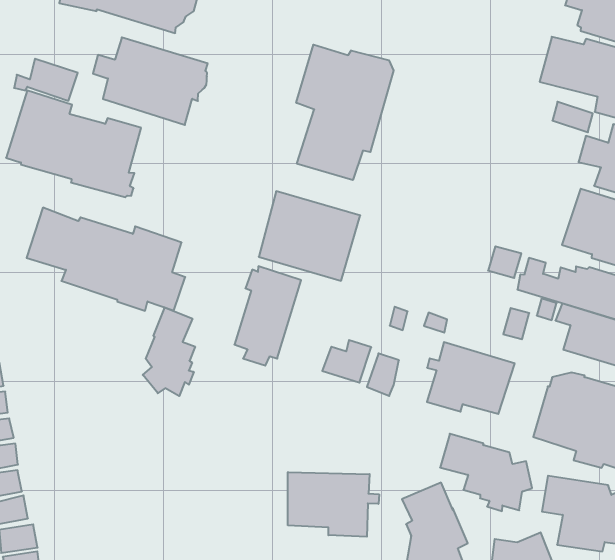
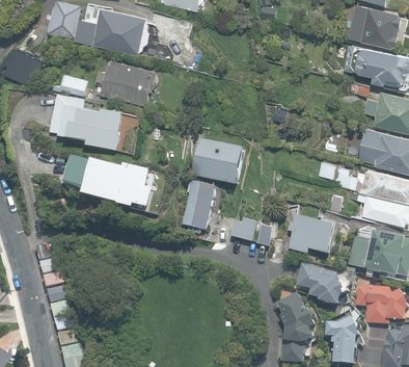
building: [296,45,394,180] -> none
building: [143,307,195,396] -> none
building: [288,472,379,537] -> none

